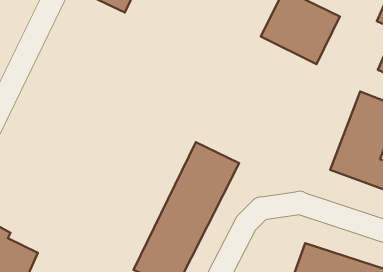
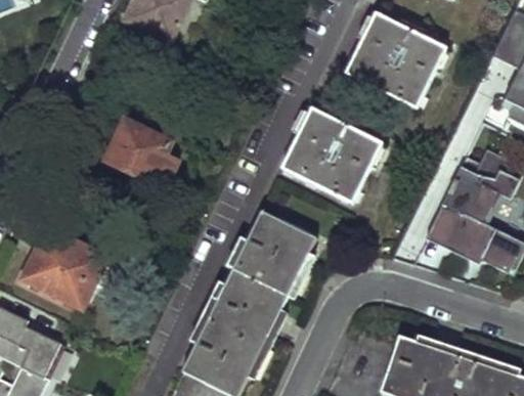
building: none -> [280,105,381,202]
building: none -> [108,121,180,185]
building: none -> [23,229,107,310]

